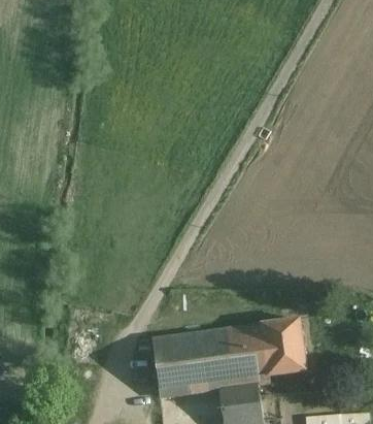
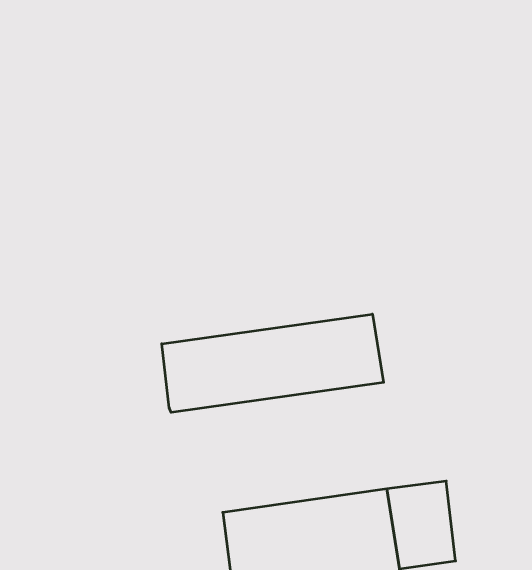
building: none -> [162,314,384,412]

